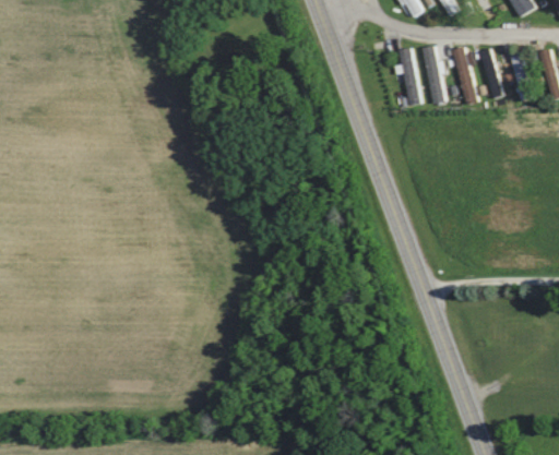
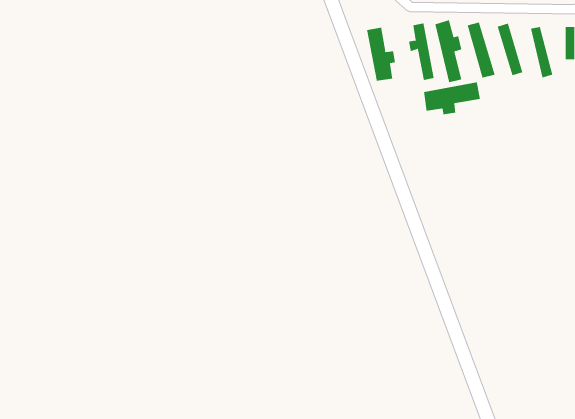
building: none -> [367,27,395,81]
building: none -> [423,81,480,115]

